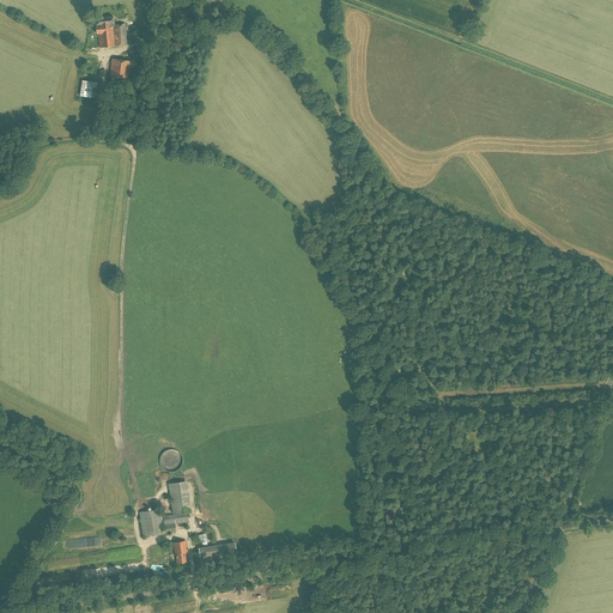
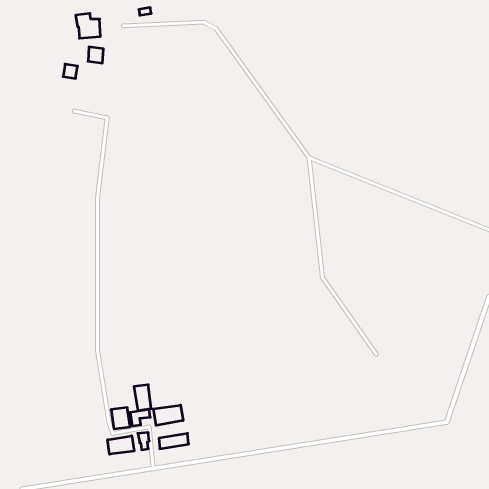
building: none -> [153,405,183,425]
building: none -> [108,436,134,454]

